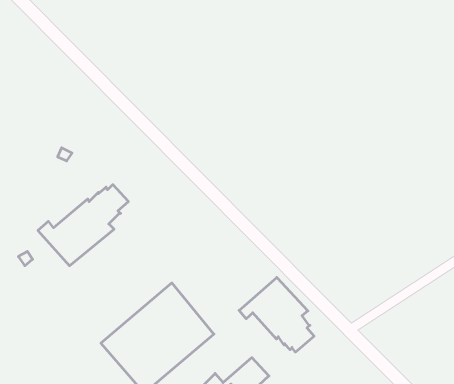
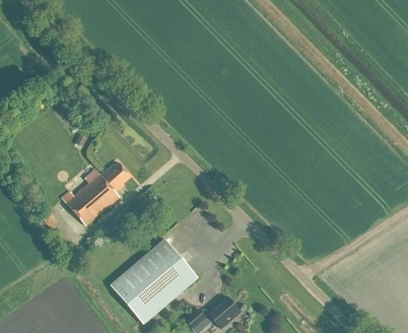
building: [239,277,314,352] -> none

